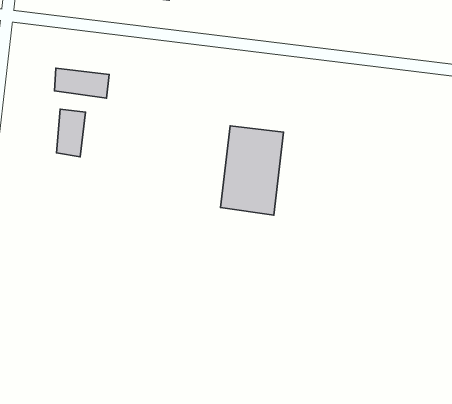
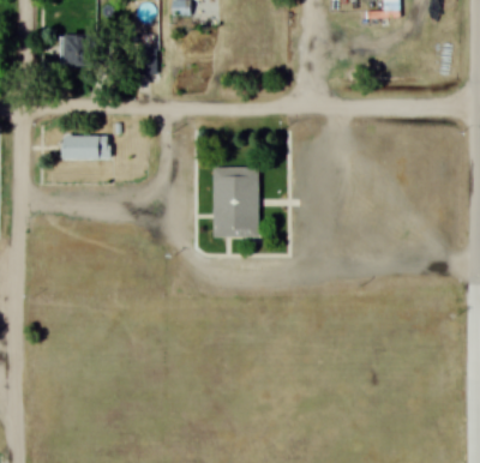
building: [56,109,86,157] -> none

